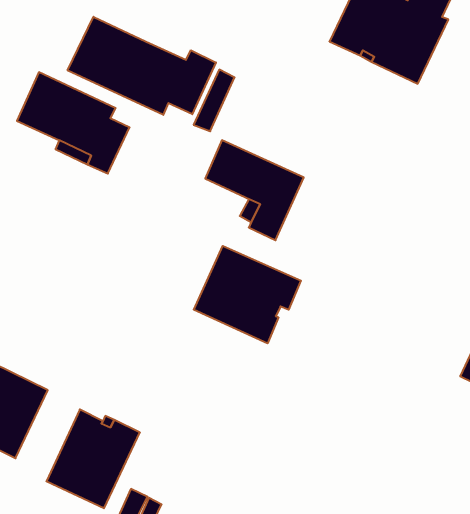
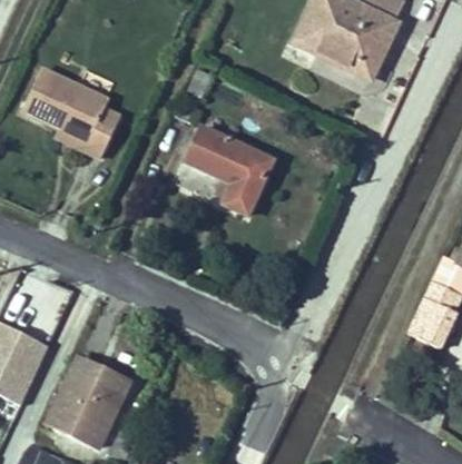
building: [68,17,216,115] -> none
building: [194,246,301,343] -> none

